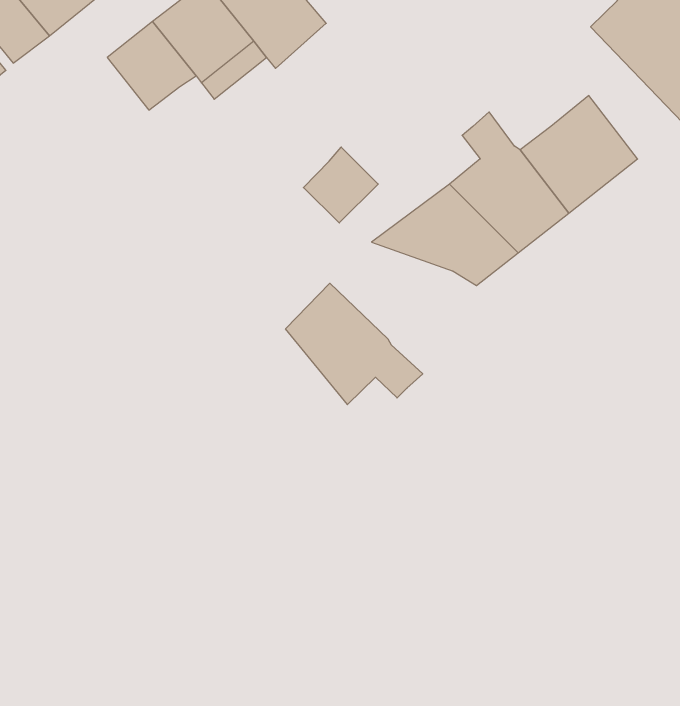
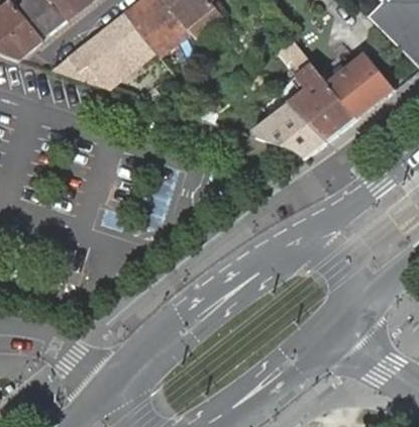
building: none -> [50,32,121,88]
building: [303,147,378,223] -> none
building: [286,283,423,405] -> none

